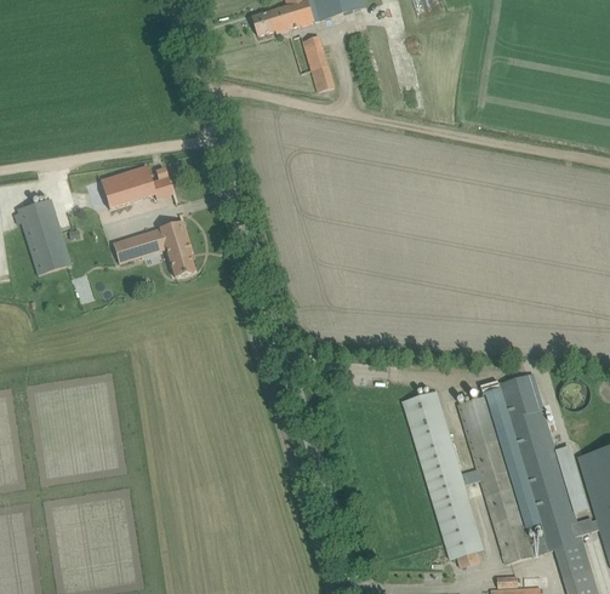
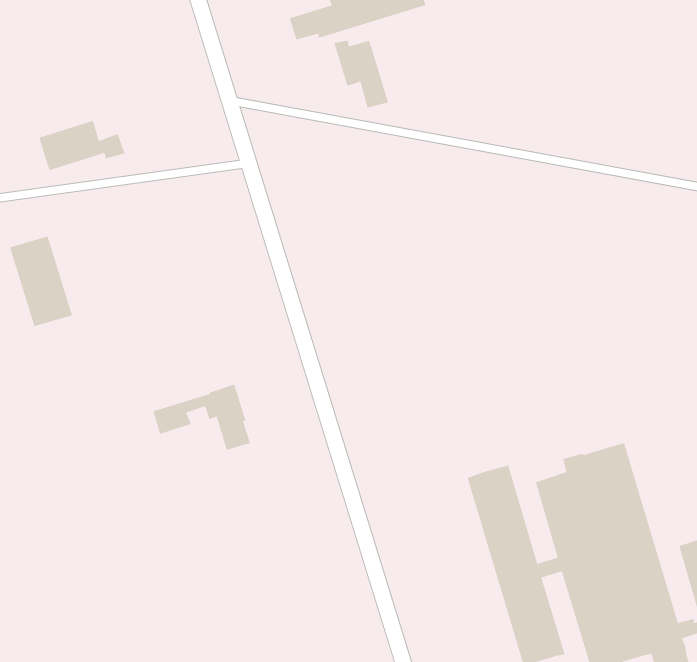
building: [101,166,173,209] -> [39,120,126,171]
building: [113,221,195,276] -> [152,384,251,450]

